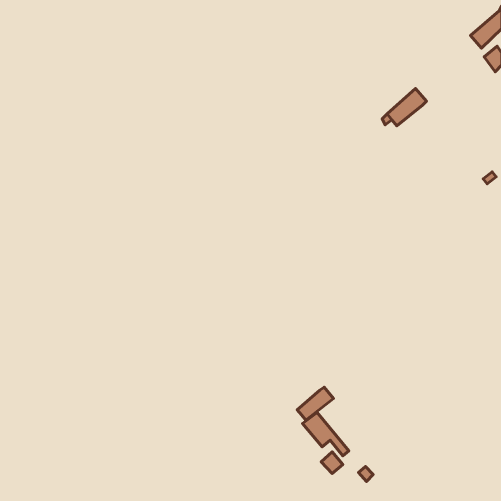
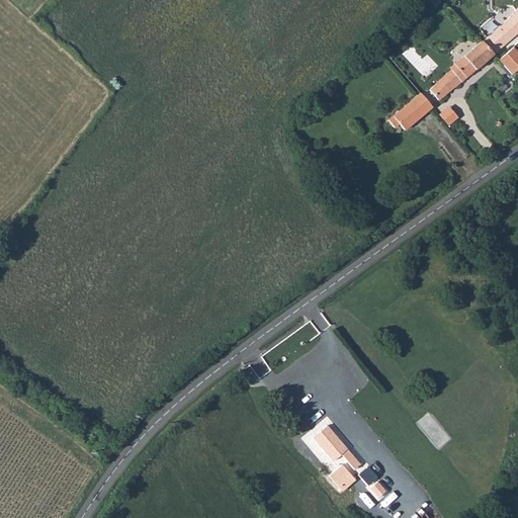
building: none -> [435,36,497,95]
building: [297,387,333,420] -> none

